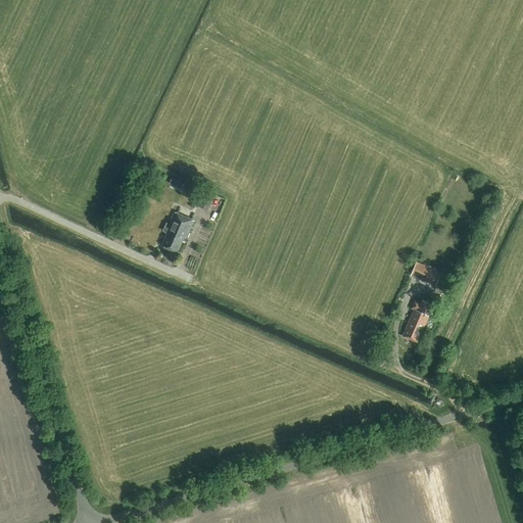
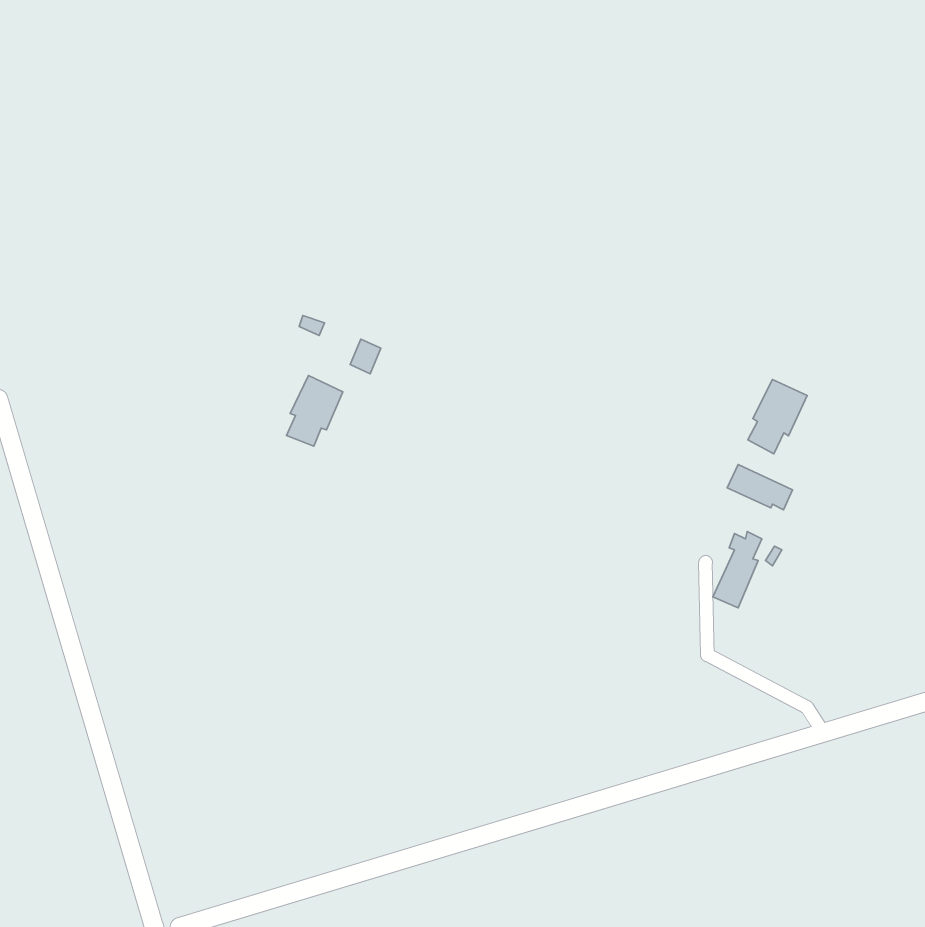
building: none -> [748,380,807,454]

